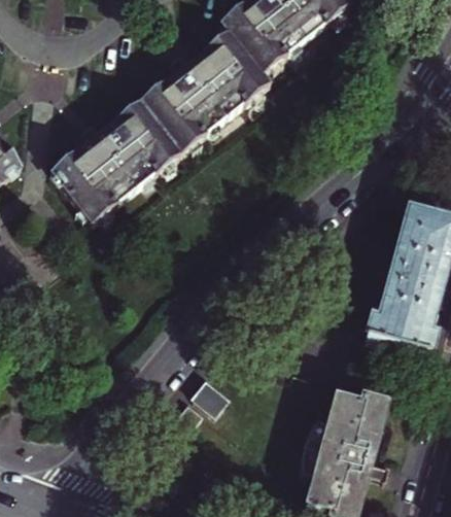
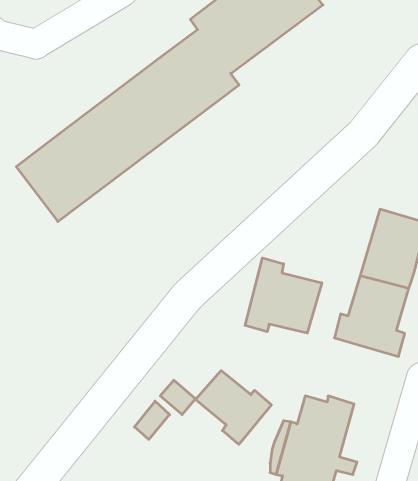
building: none -> [245,258,322,333]
building: none -> [196,371,271,444]

